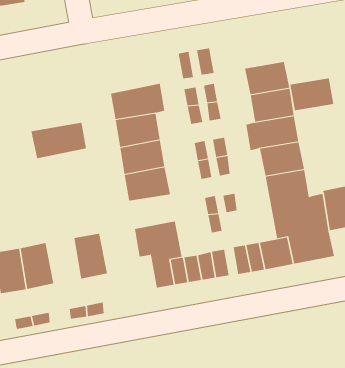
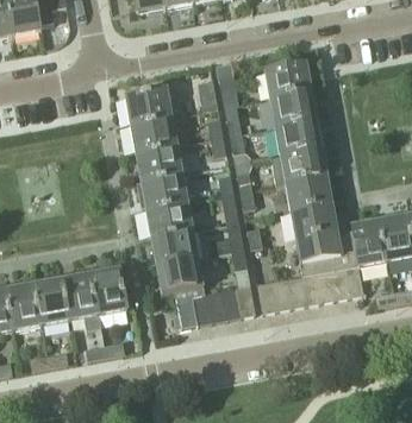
building: [290,78,334,111] -> [263,63,310,97]
building: [31,122,87,159] -> [123,86,181,124]
building: none -> [148,228,196,264]
building: none -> [62,273,100,330]

